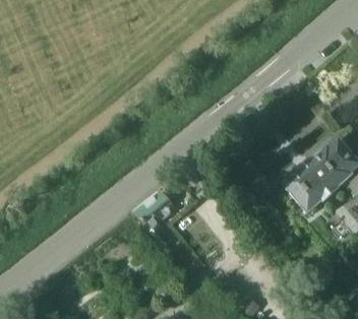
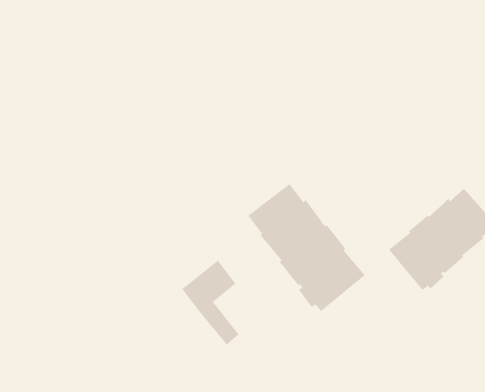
building: none -> [248,183,365,312]

